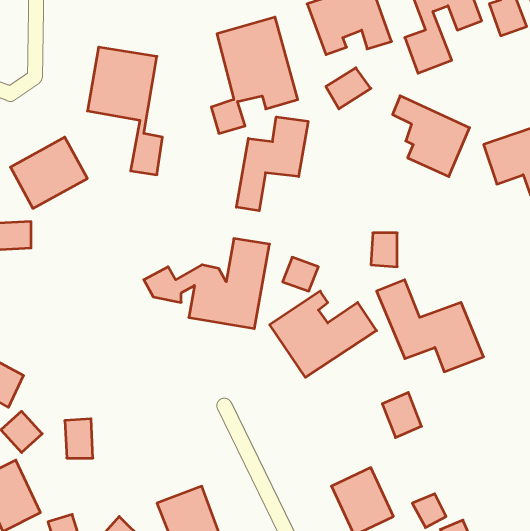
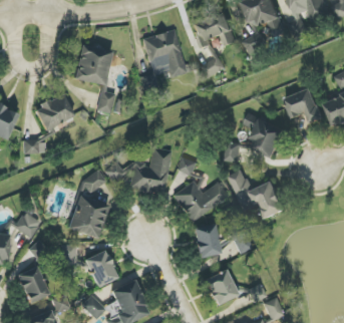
building: [393,96,470,177] -> [243,114,284,157]
building: [236,117,308,211] -> none
building: none -> [68,168,108,239]
building: none -> [192,224,220,259]
building: none -> [83,250,116,287]

